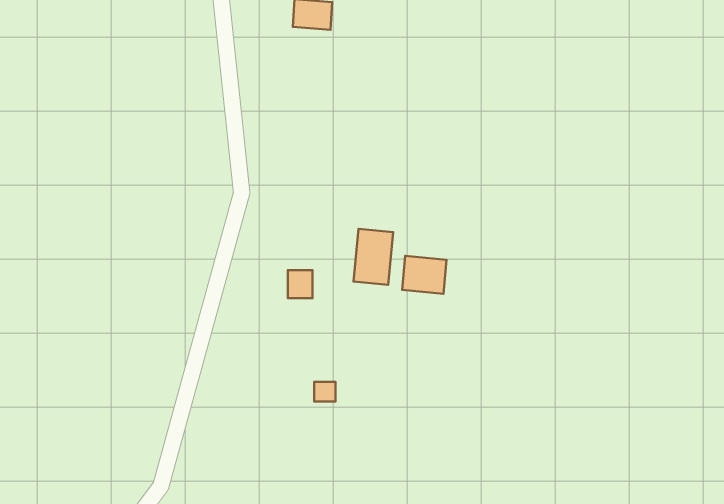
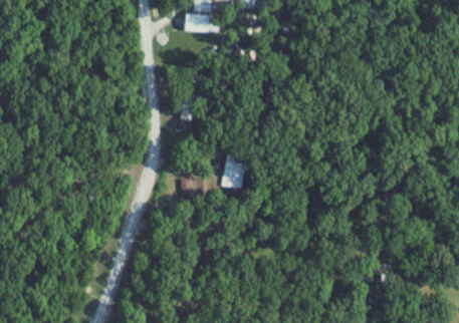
building: [402,256,447,294] -> none

